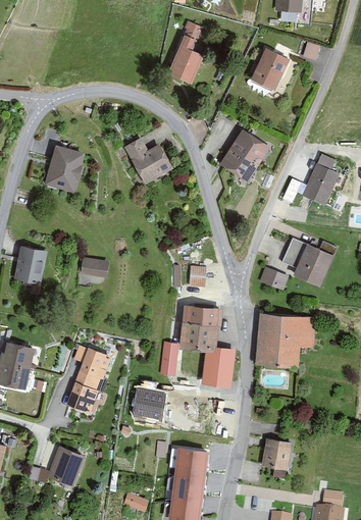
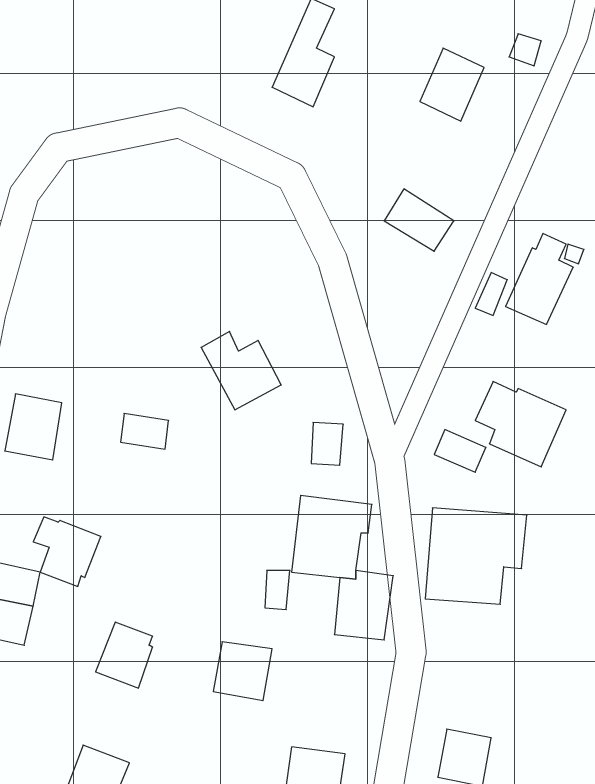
building: [125,139,171,184] -> [201,331,281,410]
building: [44,144,84,193] -> none
building: [219,147,259,181] -> none
building: [72,345,111,384] -> [33,517,101,586]

